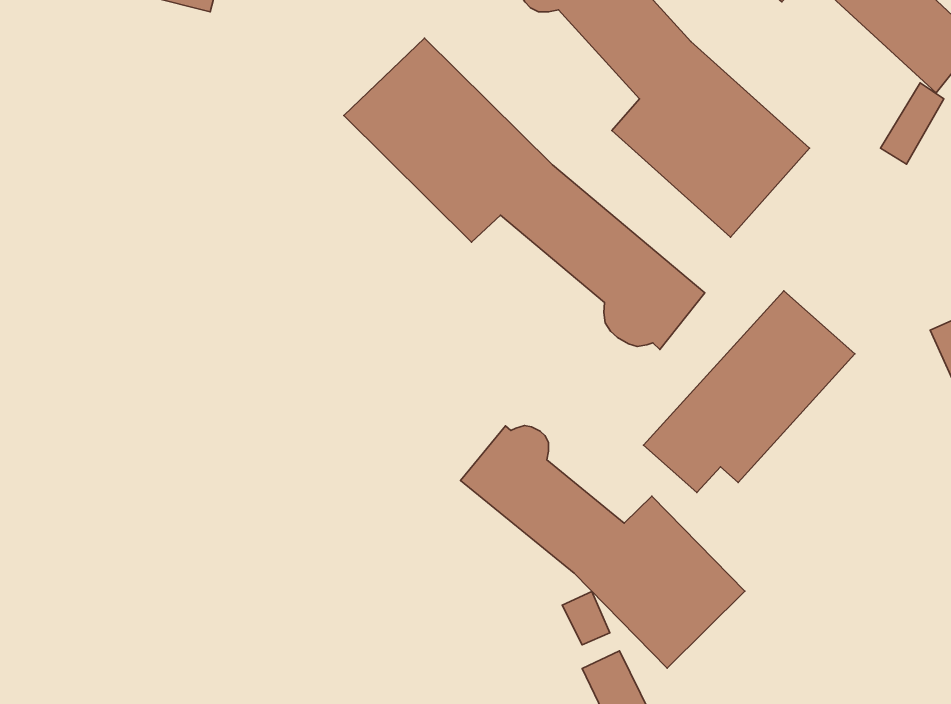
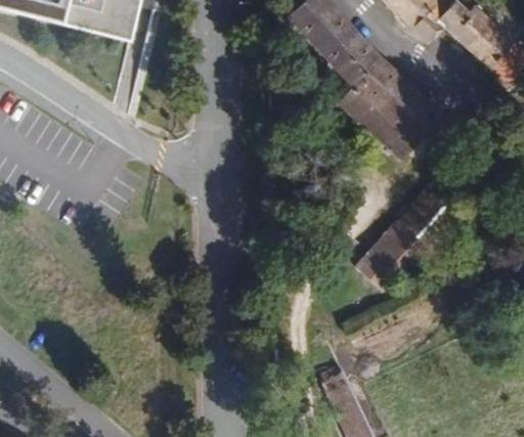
building: [344,38,705,349] -> none
building: [461,426,745,668] -> none

